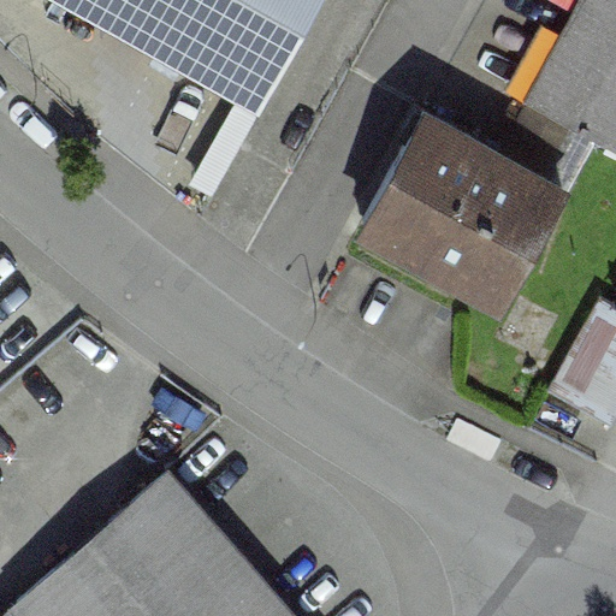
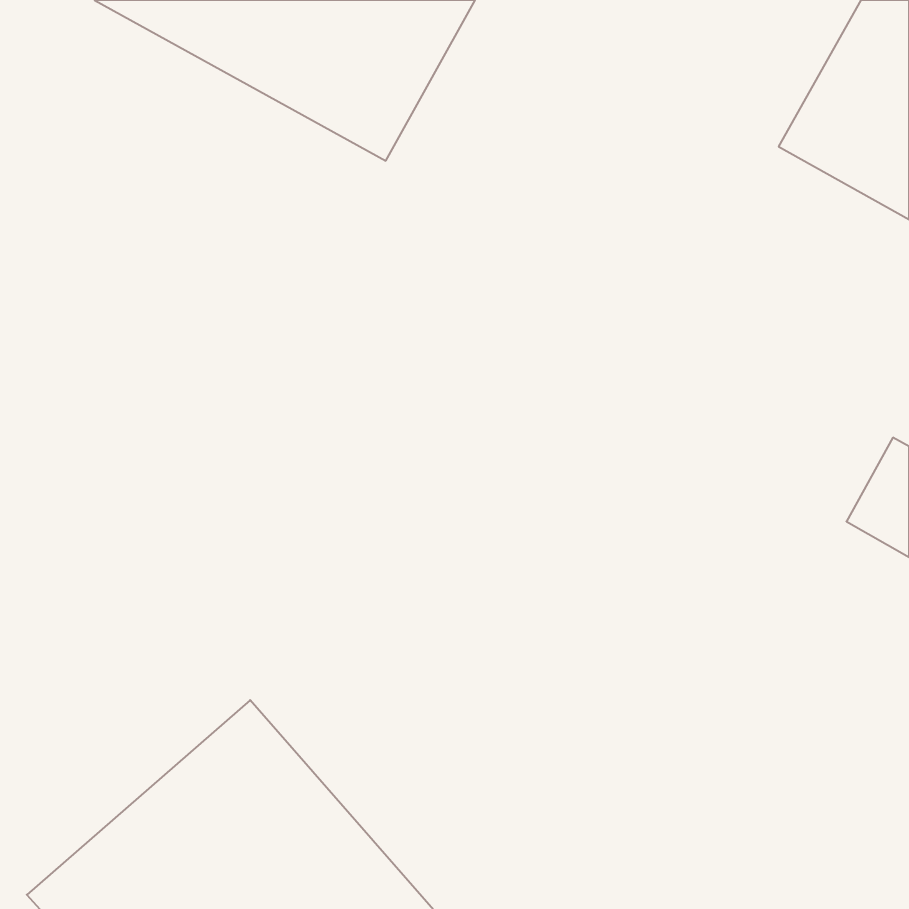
building: [362,113,565,301] -> none

